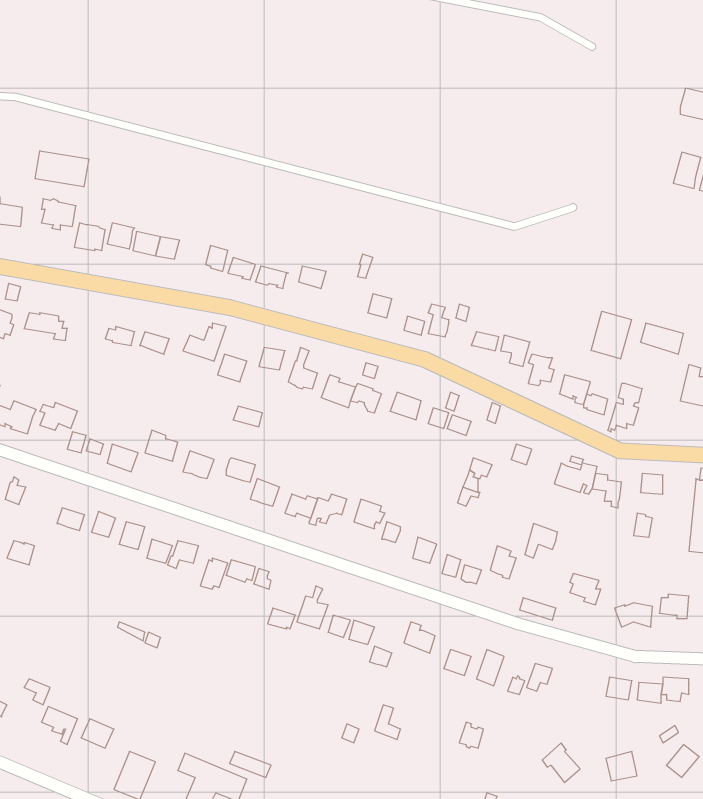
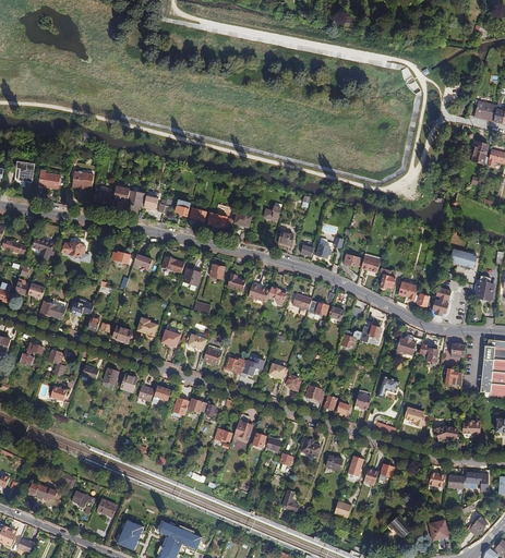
building: [35,151,89,187] -> none
building: [591,311,631,359] -> none

